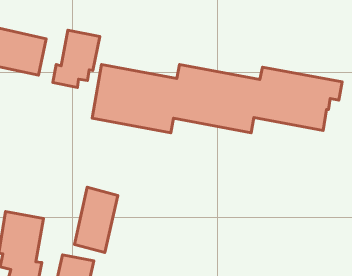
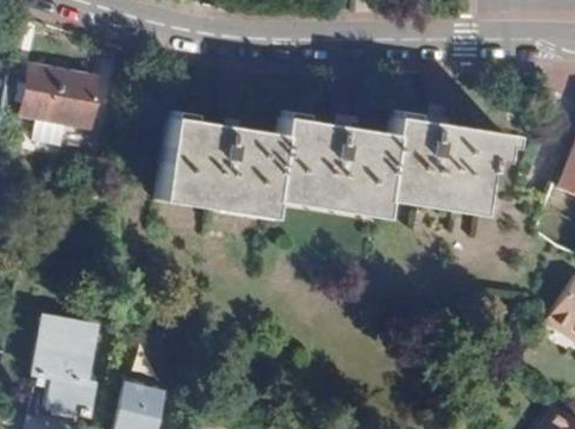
building: [53,30,100,87] -> none
building: [74,187,118,253] -> none

